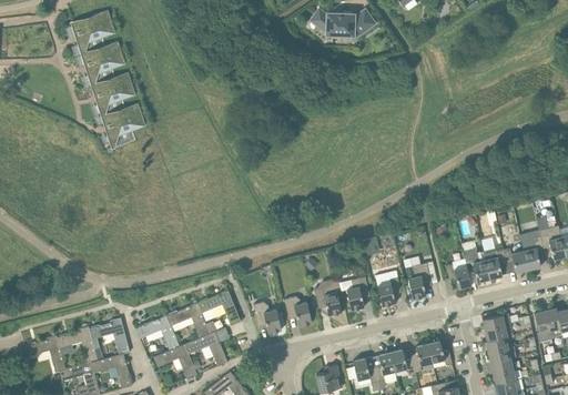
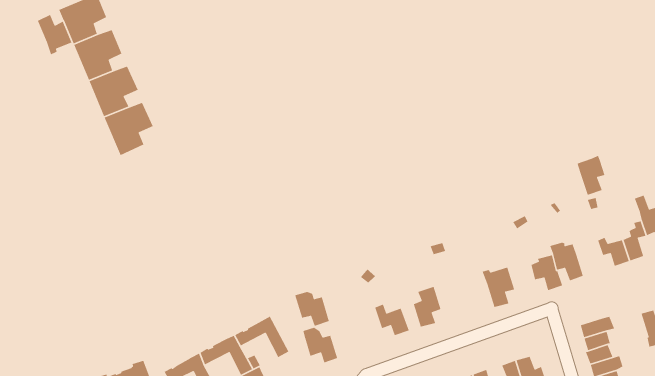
building: none -> [37,14,72,55]
building: [483,245,506,278] -> [576,155,606,196]
building: [377,276,402,306] -> none
building: [284,296,312,326] -> [294,291,330,327]

